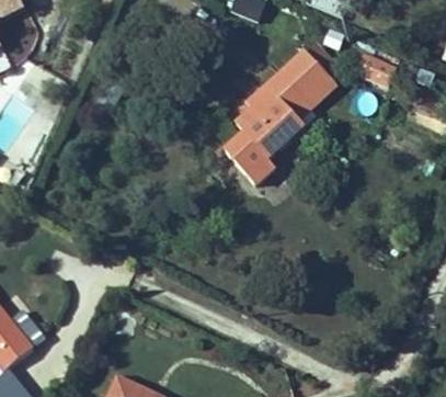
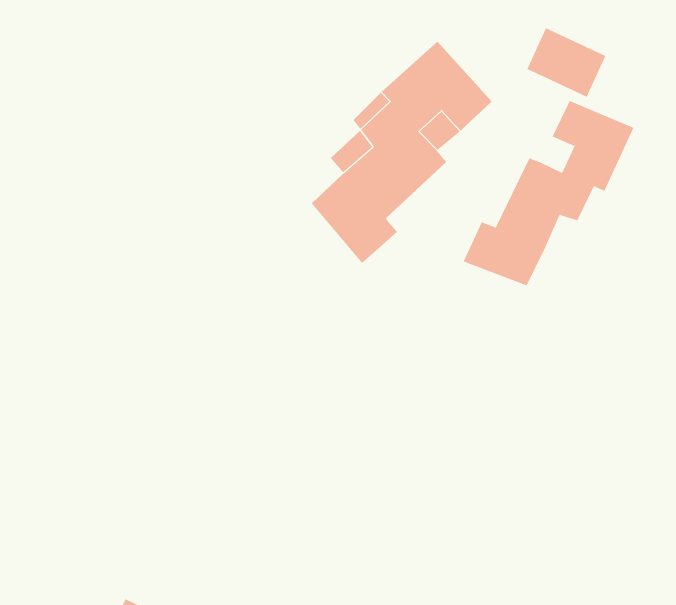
building: none -> [463,100,634,286]

